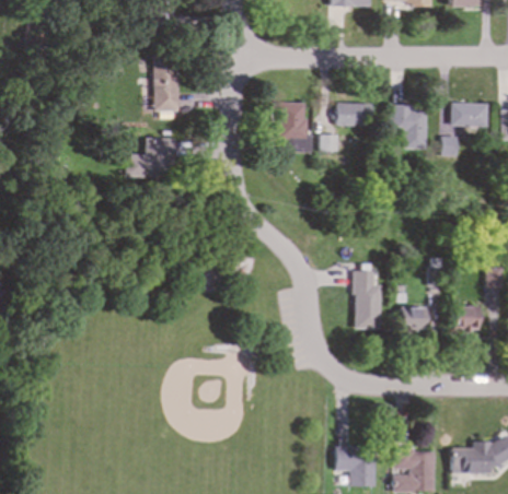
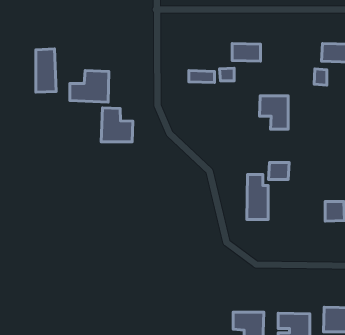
building: [153,56,180,111] -> [36,49,56,92]
building: [277,103,305,138] -> none
building: [389,106,426,149] -> [259,96,288,129]
building: none -> [101,108,133,142]
building: [401,307,427,329] -> [269,163,289,180]

